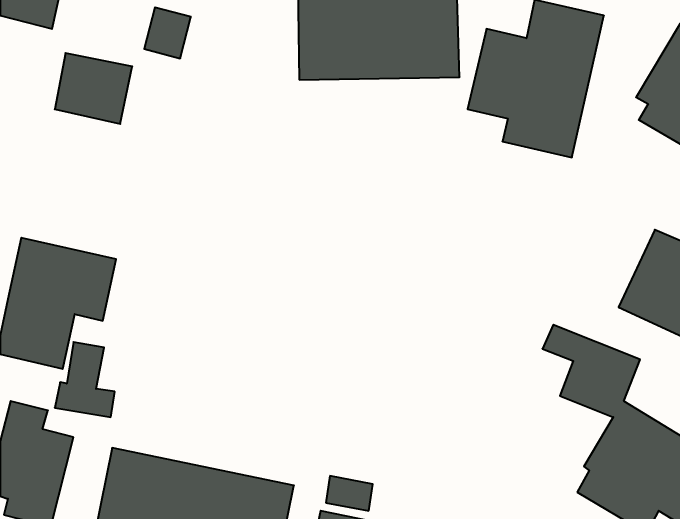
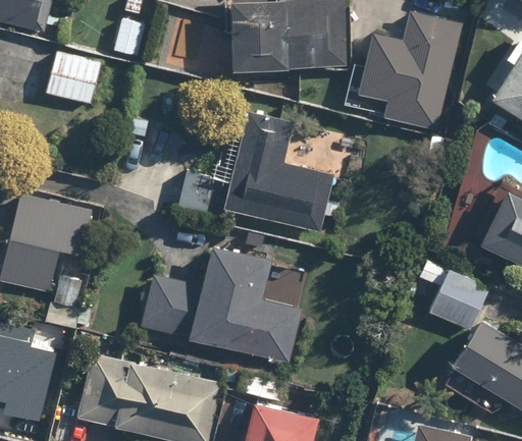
building: none -> [179,112,333,232]
building: none -> [138,243,302,363]

